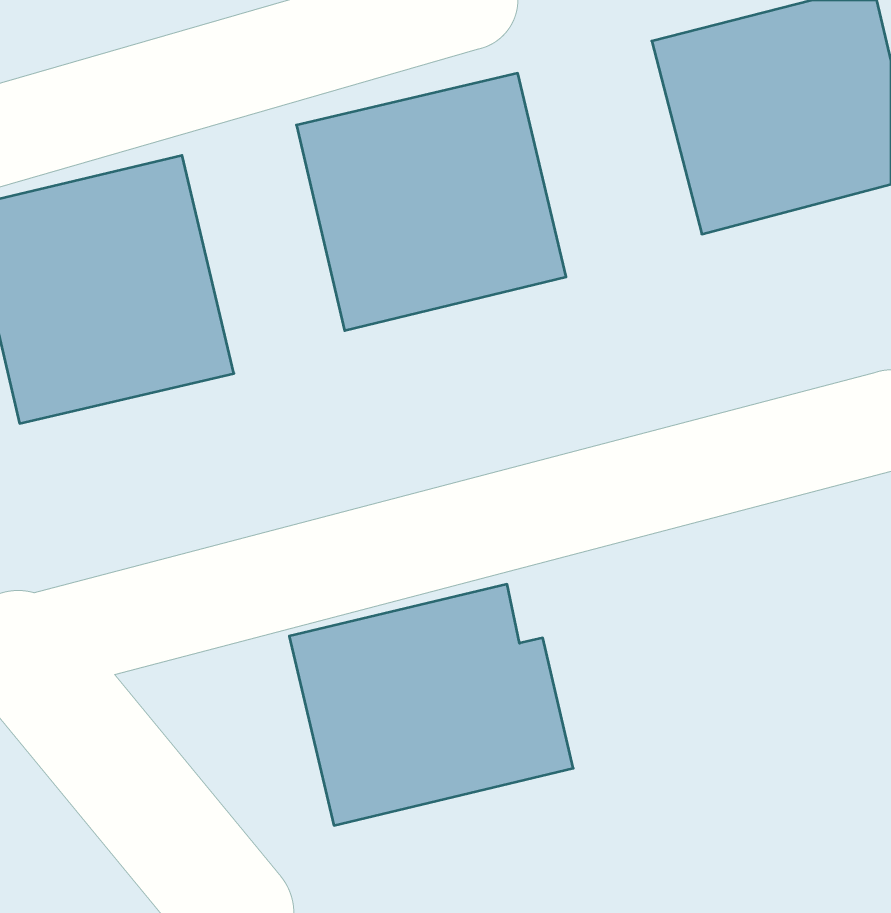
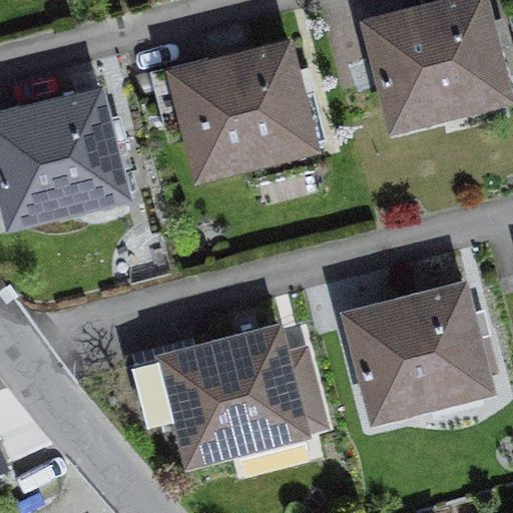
building: none -> [342,281,496,421]

